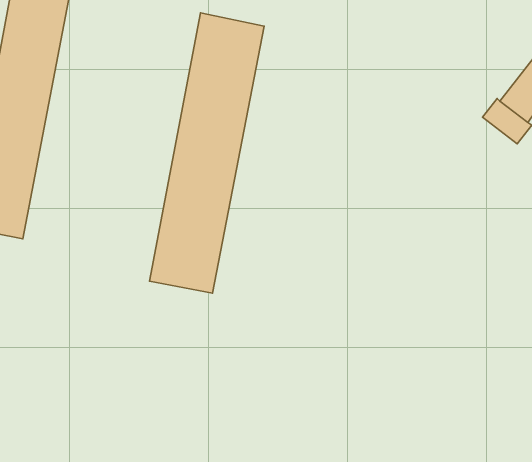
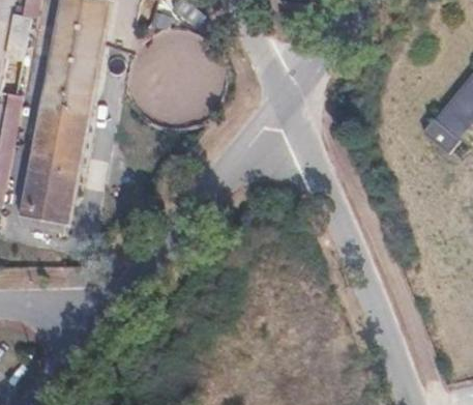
building: [150,13,264,293] -> none

